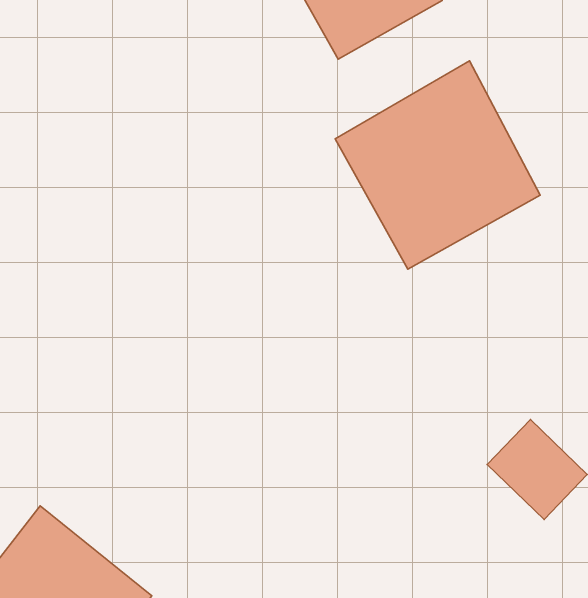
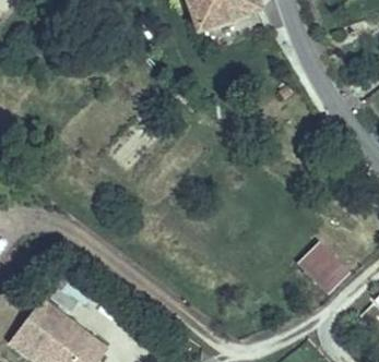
building: [335,61,540,269] -> none

